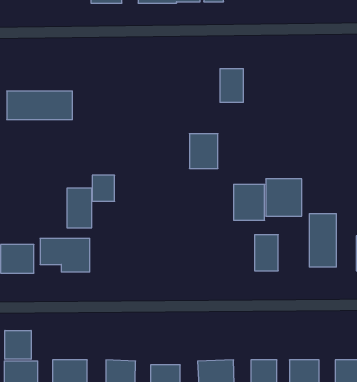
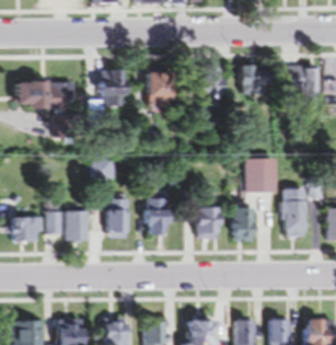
building: none -> [282,65,318,89]
building: none -> [237,66,273,90]
building: none -> [96,69,127,105]
building: [189,134,218,168] -> [149,68,174,99]
building: [234,184,265,220] -> [195,207,222,239]
building: [67,188,92,228] -> [107,199,129,234]
building: none -> [143,207,174,234]
building: [5,330,31,359] -> none

